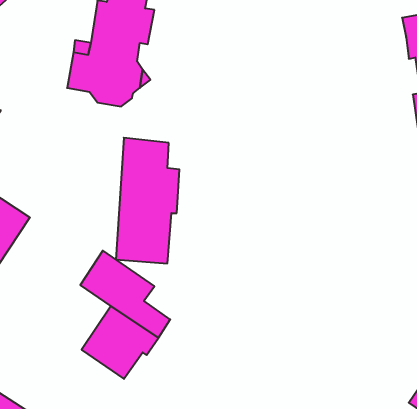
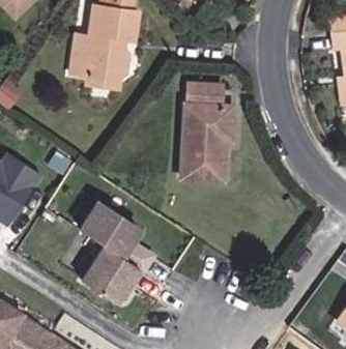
building: [116,138,179,263] -> [180,82,230,180]

